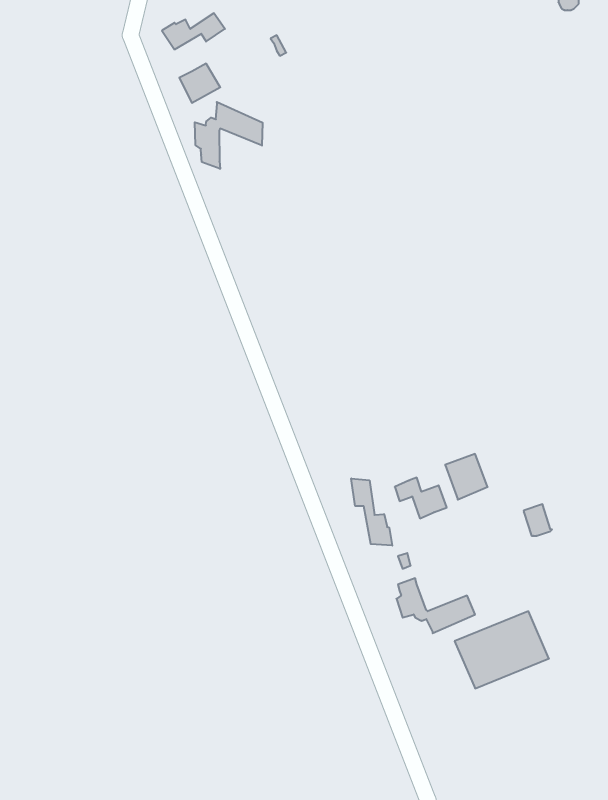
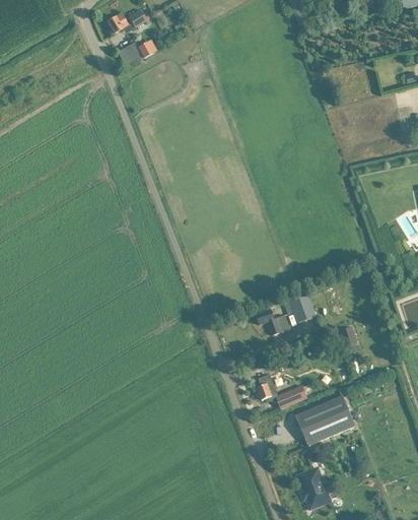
building: [195,102,263,169] -> none
building: [351,478,392,546] -> none
building: none -> [297,467,329,508]

